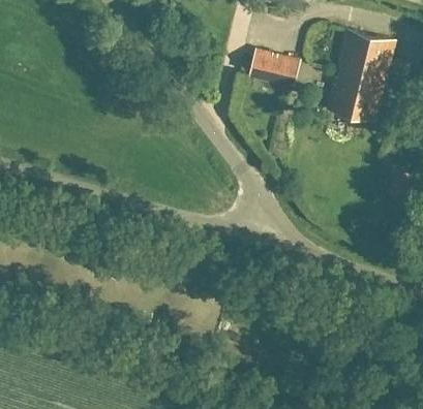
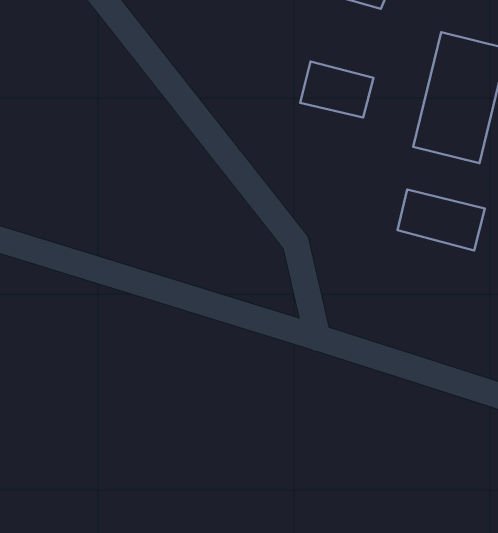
building: none -> [398,189,485,250]

